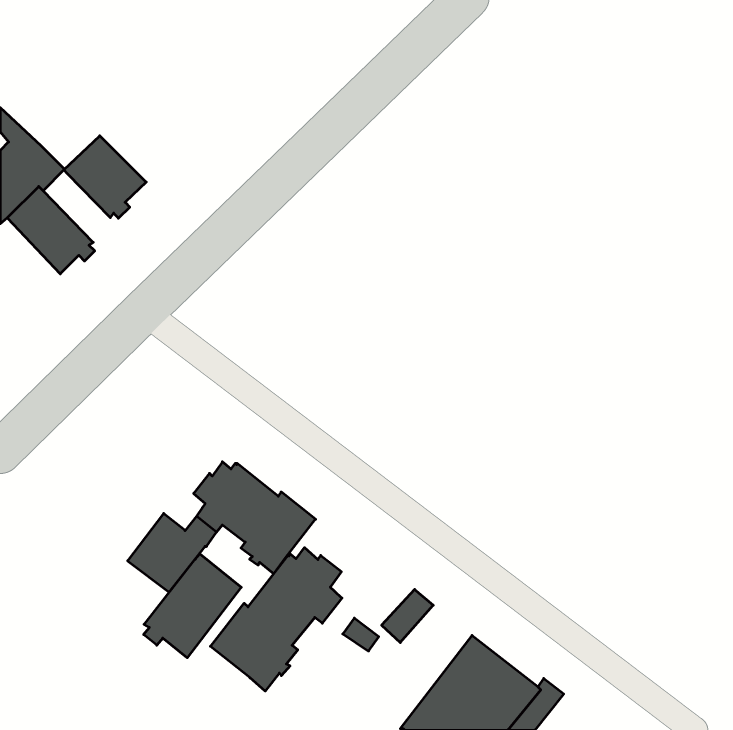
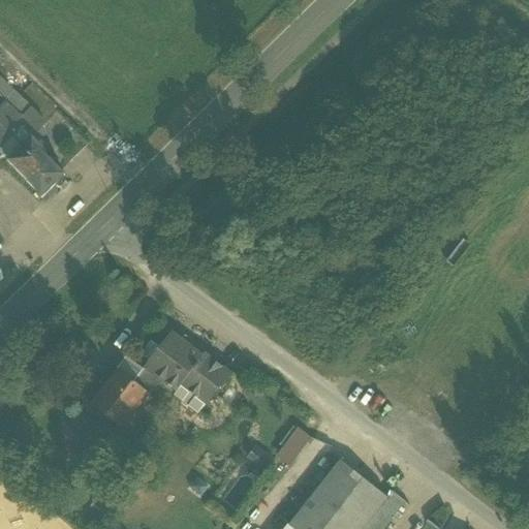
building: [64,136,146,218] -> none
building: [210,548,342,691] -> none
building: [144,554,241,658] -> none

